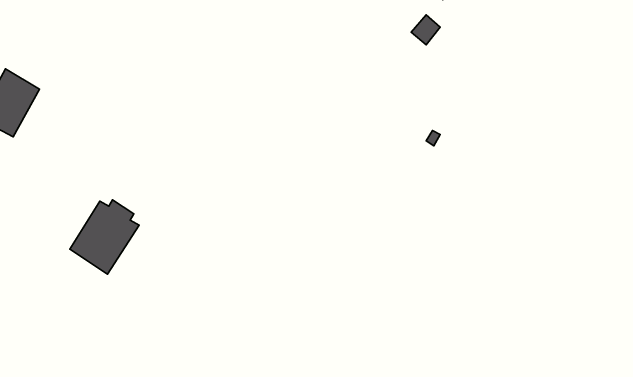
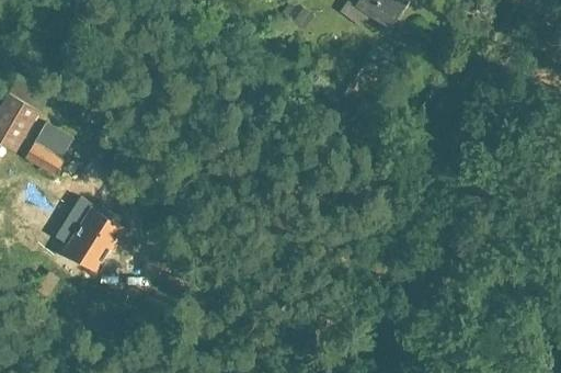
building: none -> [21,121,70,177]

